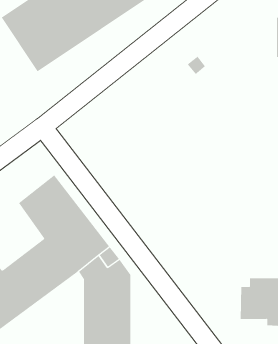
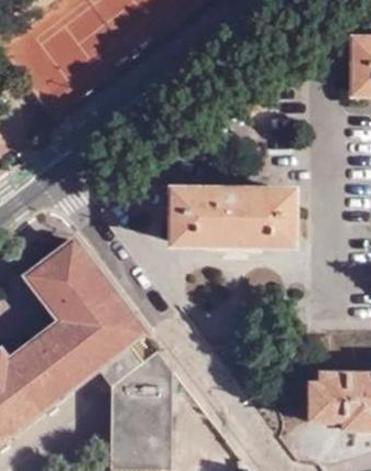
building: none -> [174,189,293,242]

